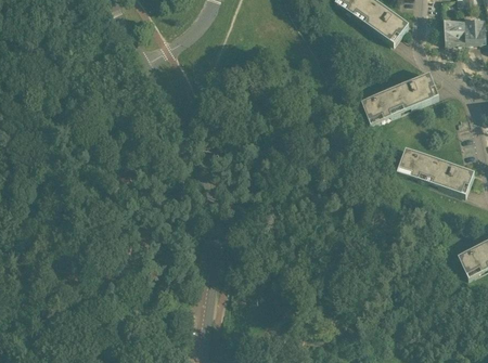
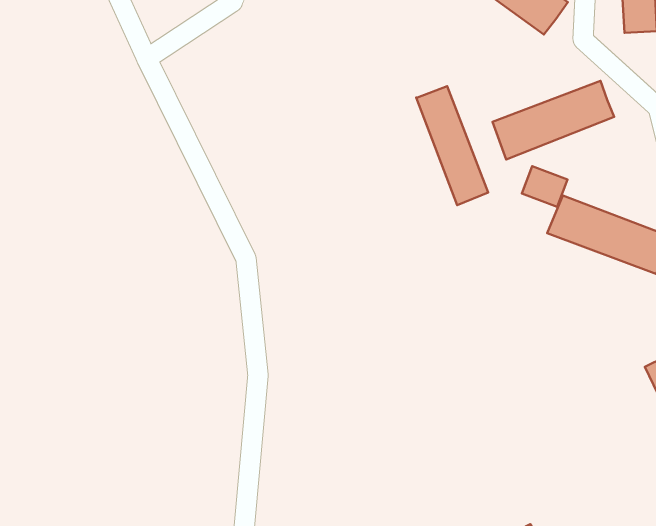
building: none -> [416,86,488,205]
building: none -> [522,166,567,207]

